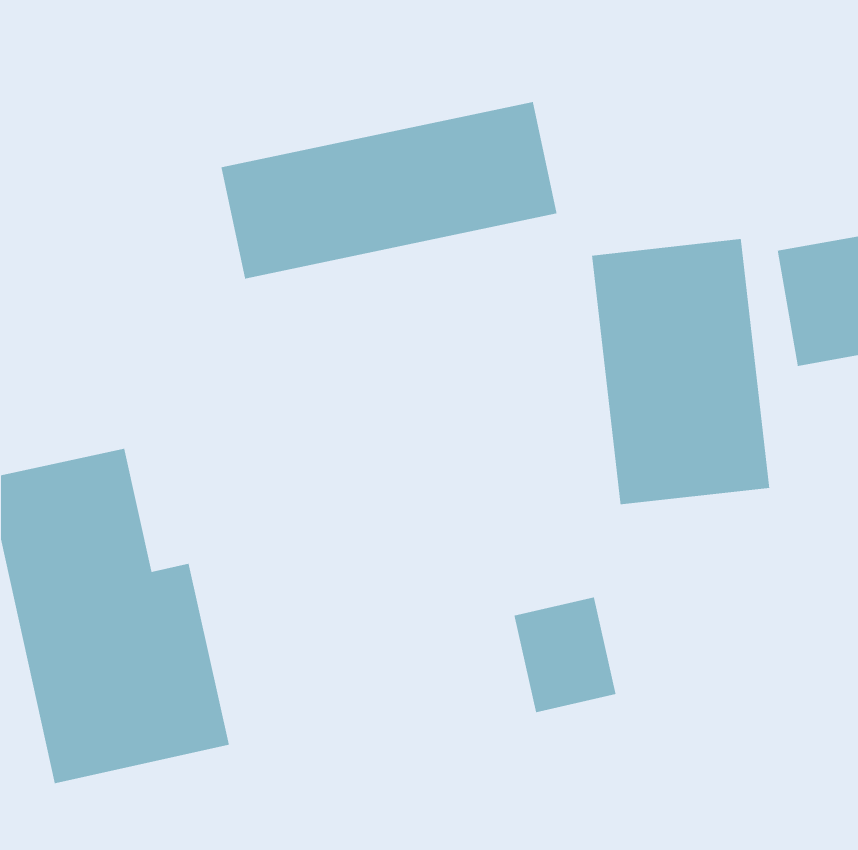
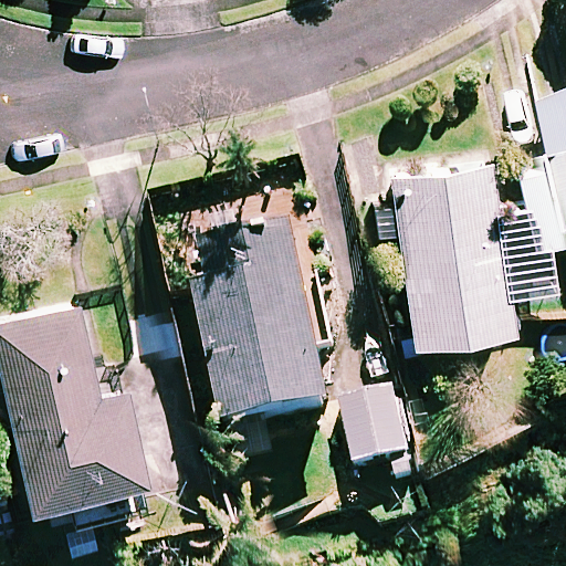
building: [220,101,557,280] -> none
building: none -> [195,233,331,433]

